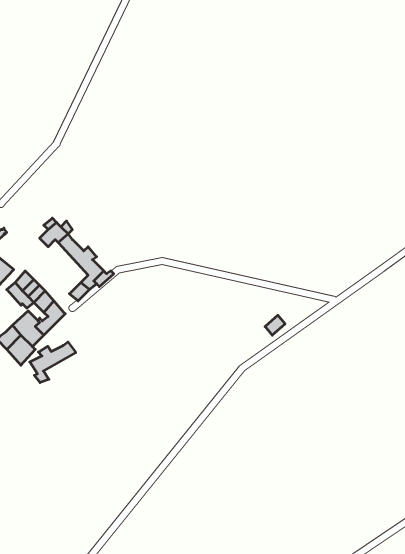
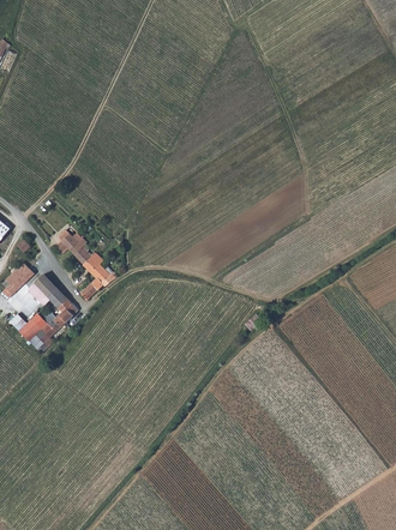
building: [30,342,76,383] -> none

